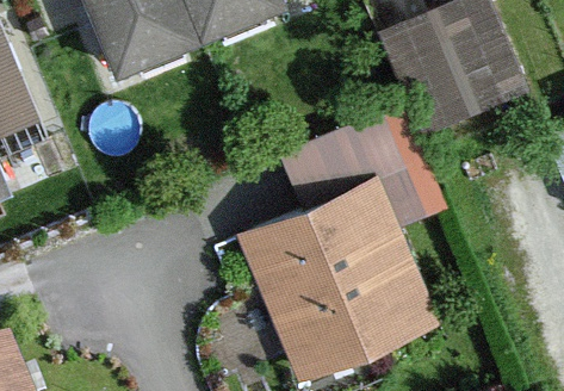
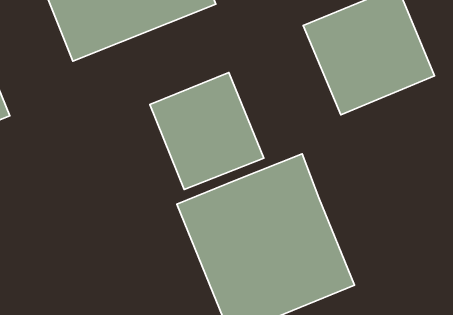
building: none -> [150,72,264,190]

